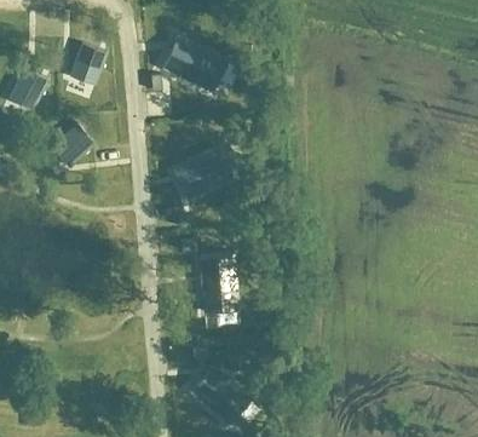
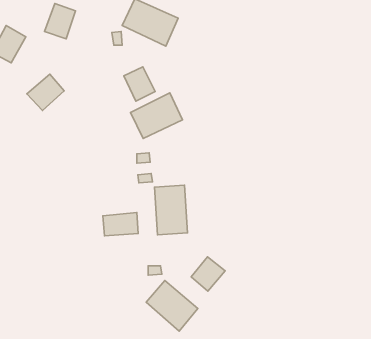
building: none -> [124,67,155,101]
building: none -> [103,213,138,236]
building: none -> [191,257,225,291]

